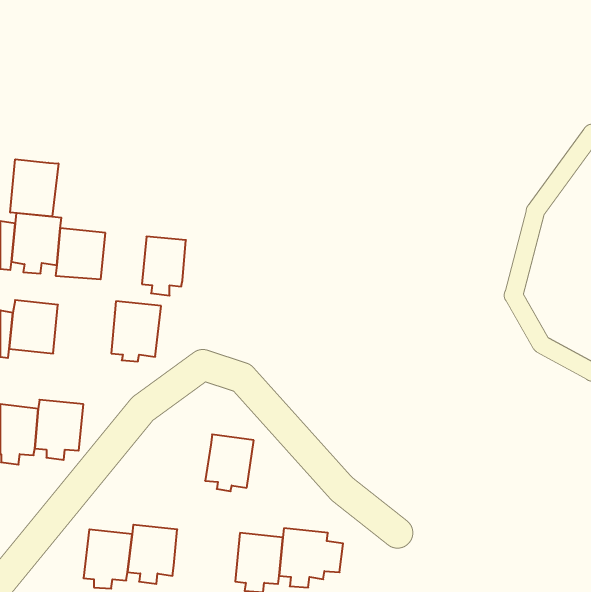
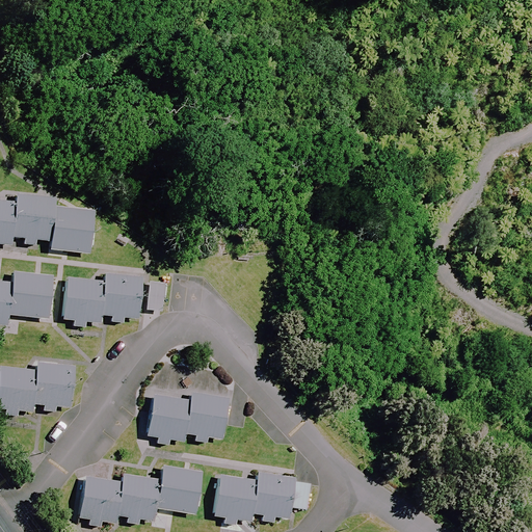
building: [10,159,58,217] -> none
building: [142,237,186,296] -> [64,277,104,330]
building: none -> [148,394,190,443]
building: none -> [157,463,201,512]

